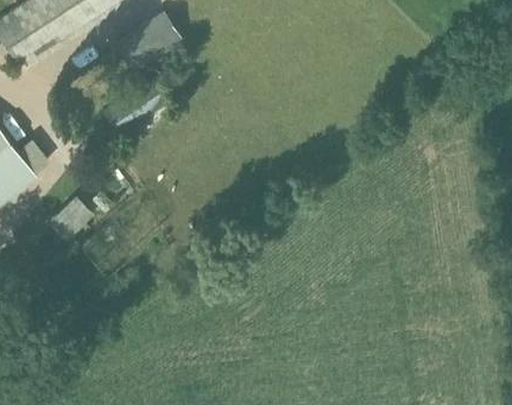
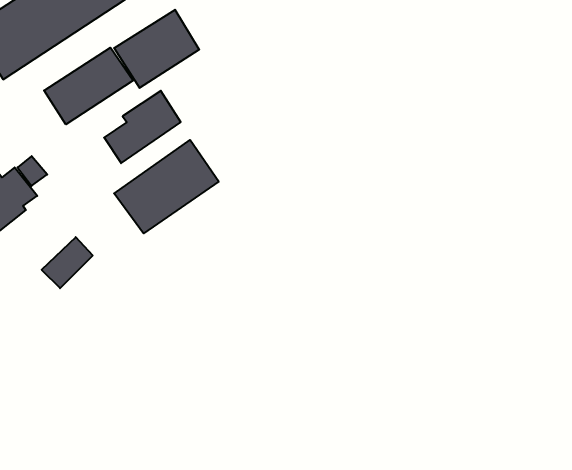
building: none -> [44,48,133,124]
building: none -> [114,140,219,233]

